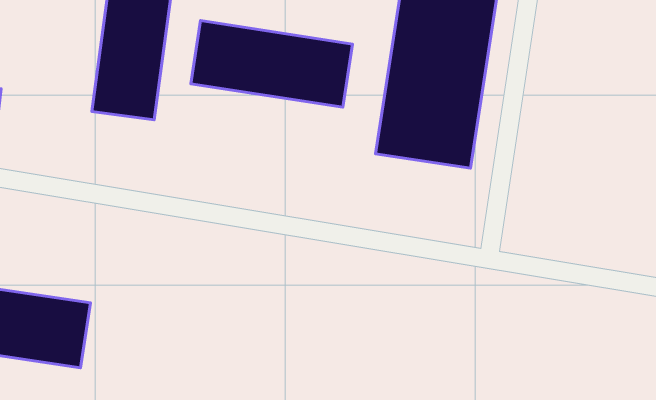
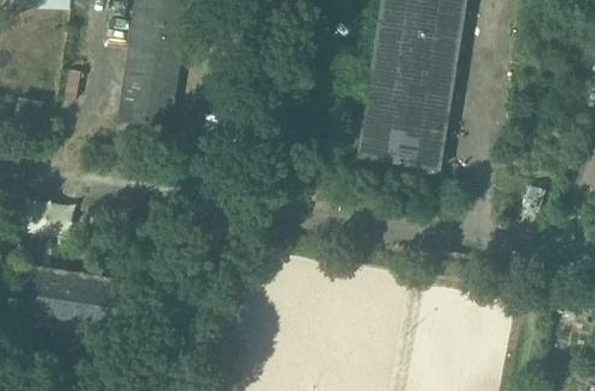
building: [191,21,352,107] -> none

